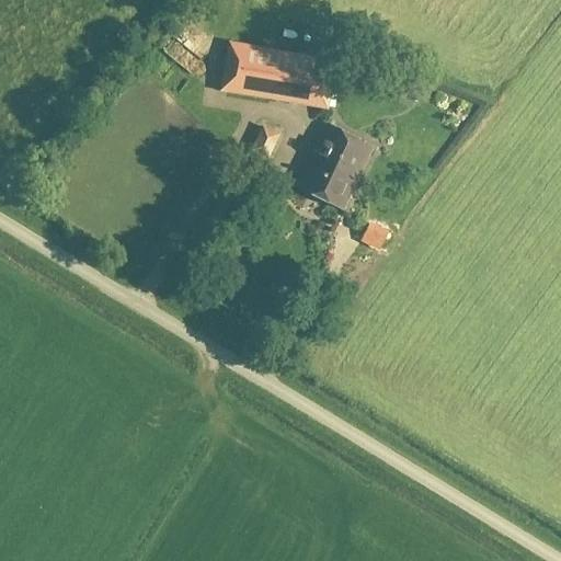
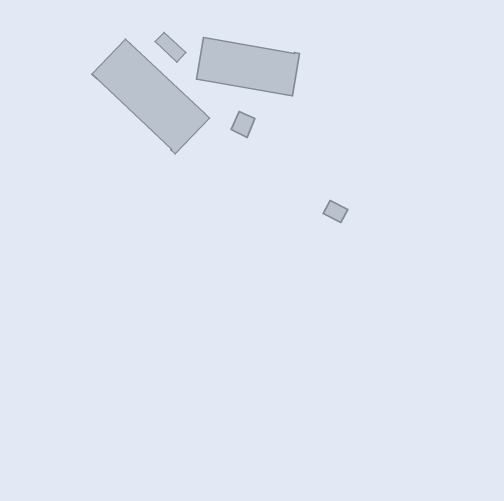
building: none -> [92,39,210,154]
building: [293,122,370,208] -> none

